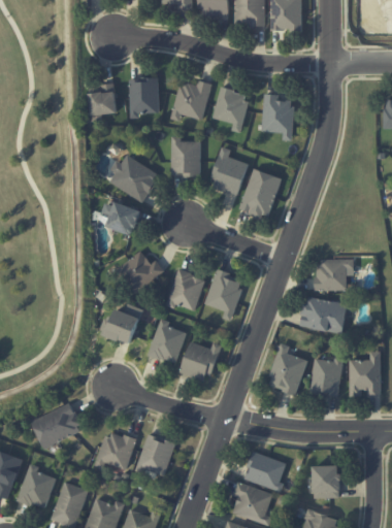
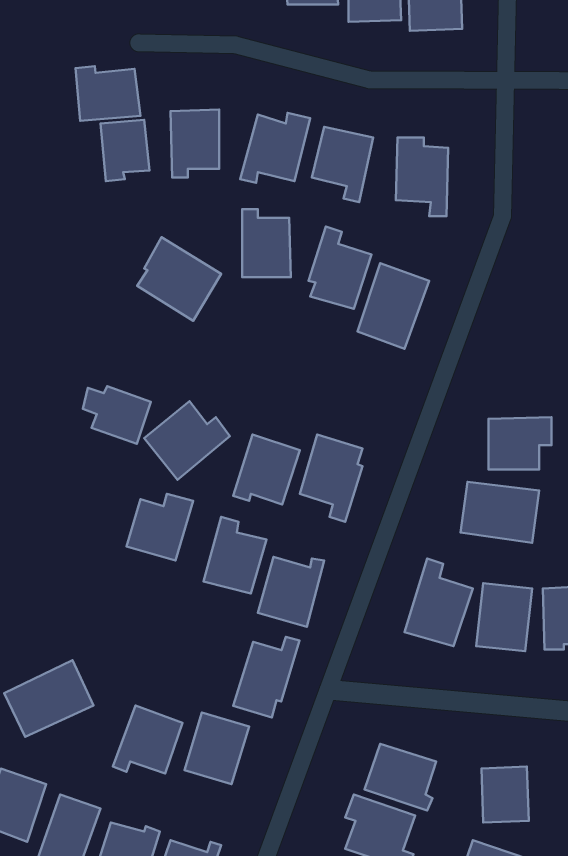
building: none -> [75,66,141,121]
building: [101,201,141,235] -> [83,386,151,444]
building: none -> [233,637,299,718]

